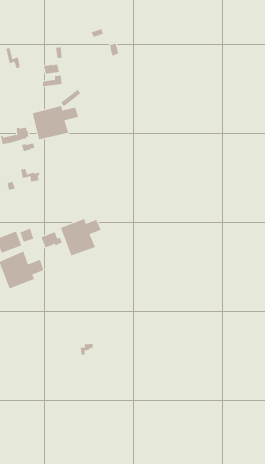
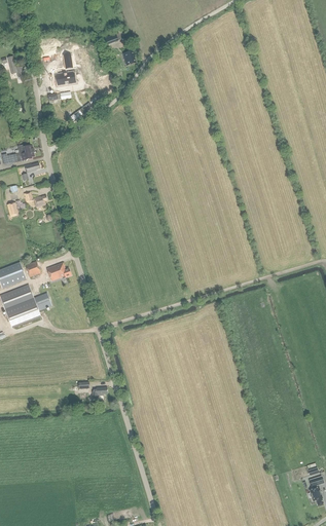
building: [32,105,79,140] -> none
building: [60,218,101,256] -> none

